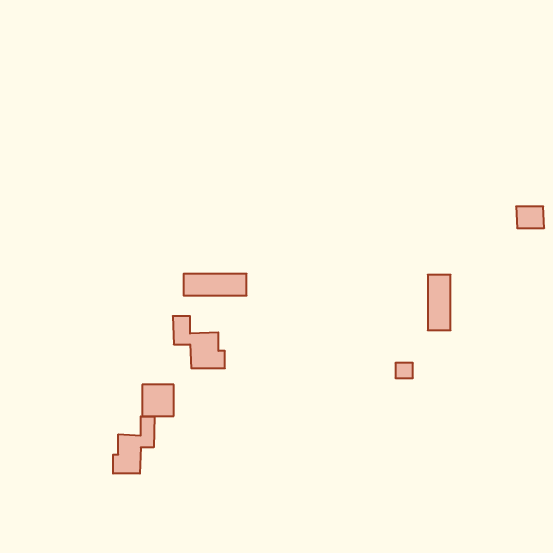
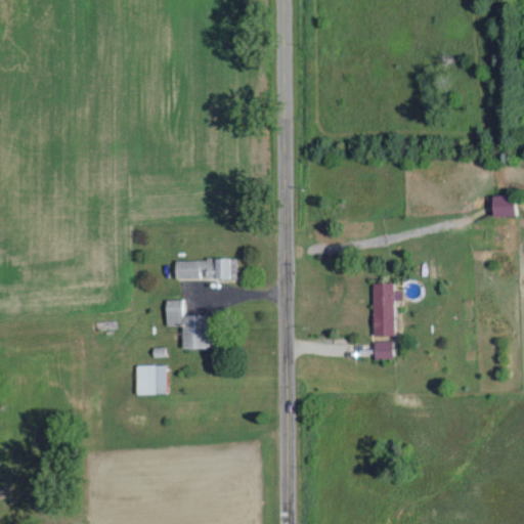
building: [428,275,451,330] -> [373,283,394,336]
building: [113,416,155,474] -> none

